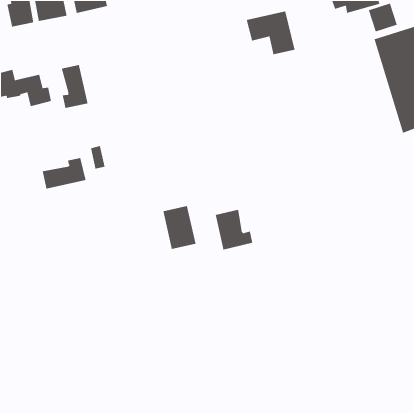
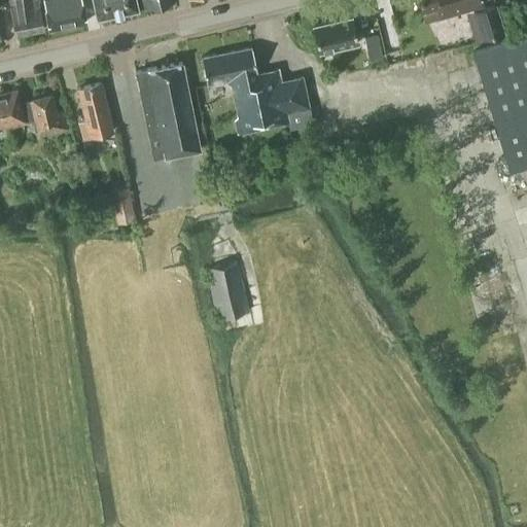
building: none -> [202,48,310,135]
building: none -> [136,63,200,160]
building: [42,157,87,189] -> none
building: [215,209,253,250] -> none

